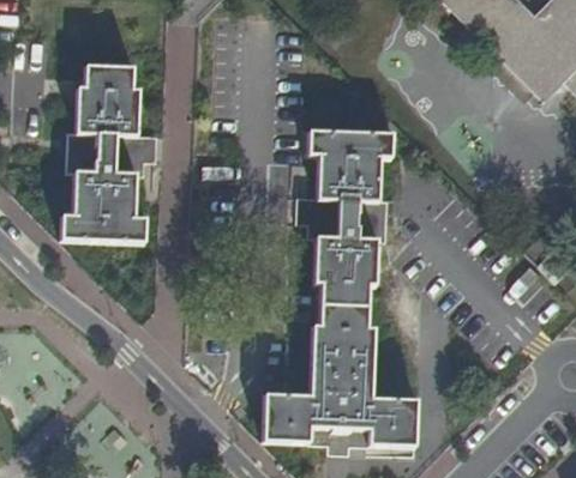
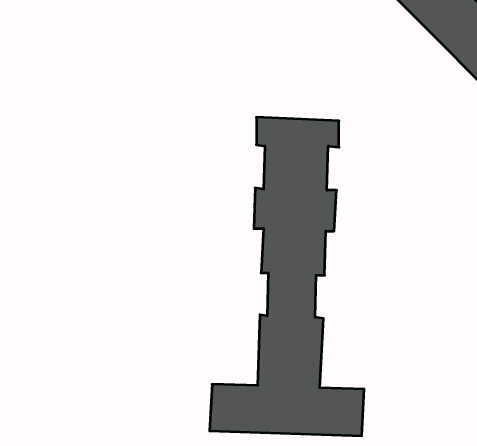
building: [62,63,148,240] -> none

